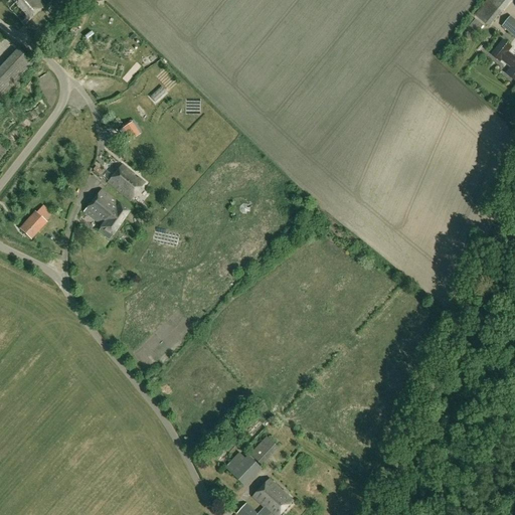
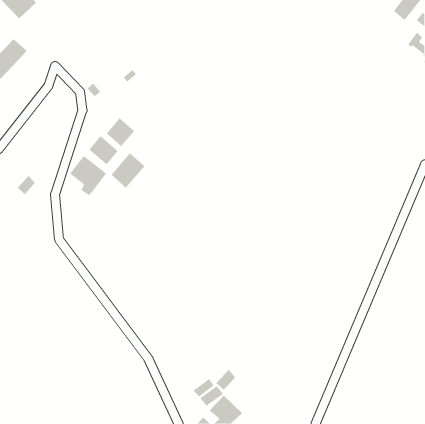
building: none -> [106,118,135,147]
building: none -> [111,152,145,189]

